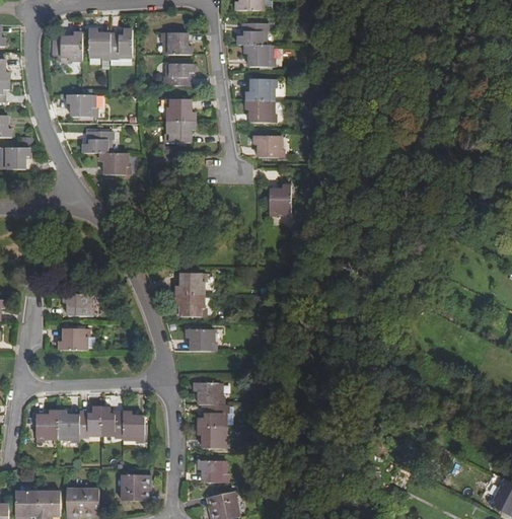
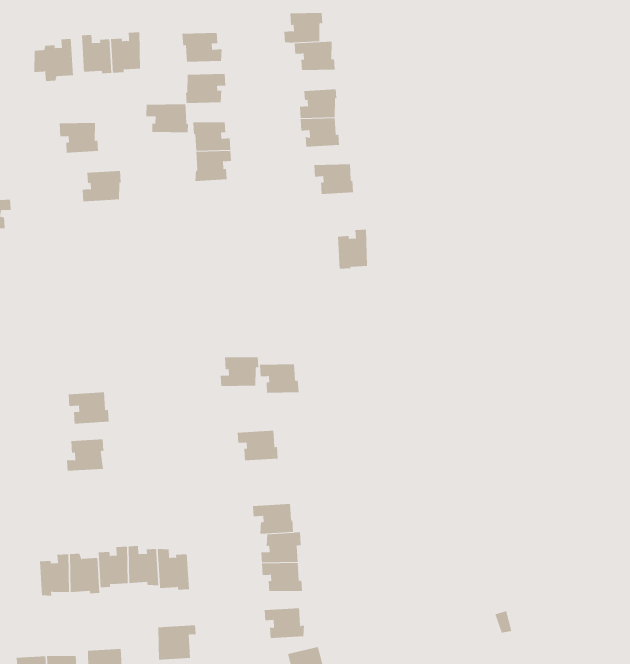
building: none -> [146,103,188,133]
building: [100,152,130,173] -> none
building: [176,294,205,316] -> [259,364,299,393]

